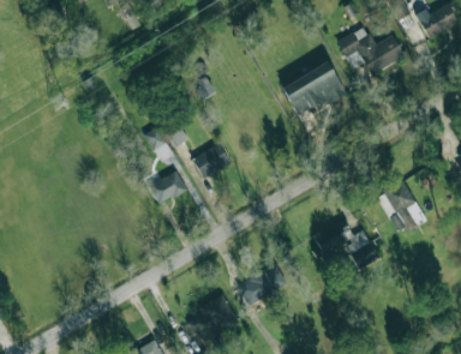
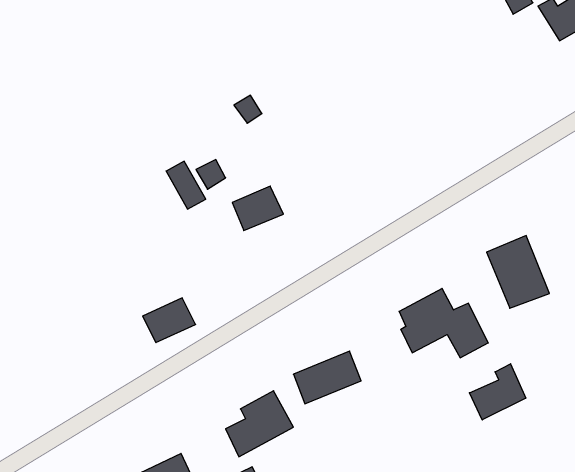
building: [336,26,405,76] -> none
building: [281,61,346,115] -> none
building: [148,172,186,204] -> [143,298,196,343]
building: none -> [469,364,526,420]

